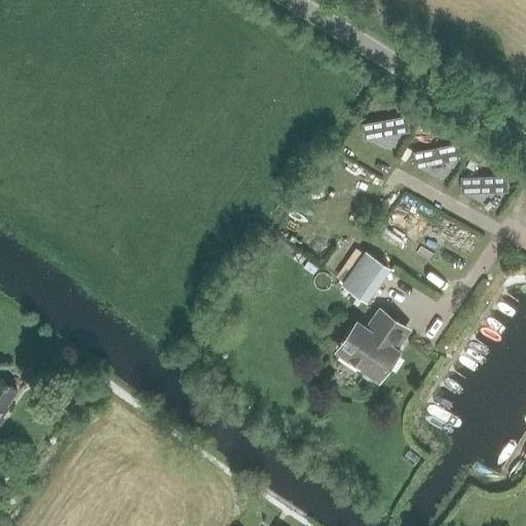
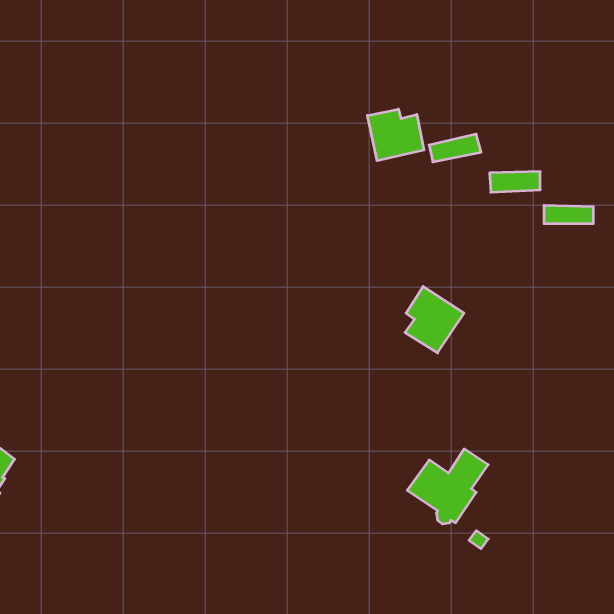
building: none -> [367,109,424,161]
building: [335,318,404,382] -> [407,449,488,524]

